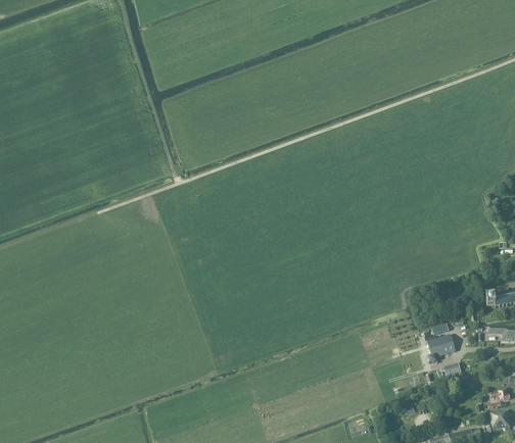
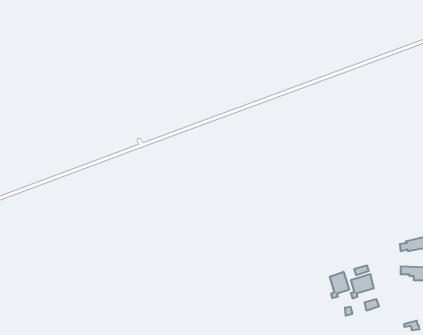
building: none -> [330,272,349,298]

